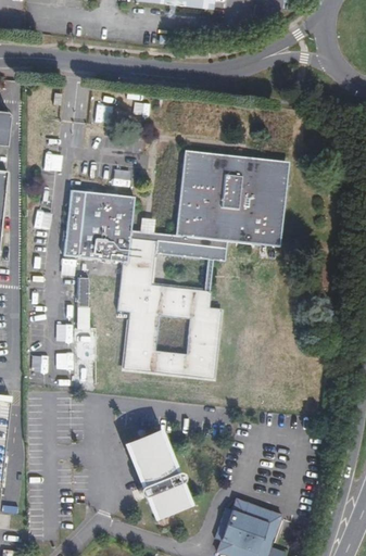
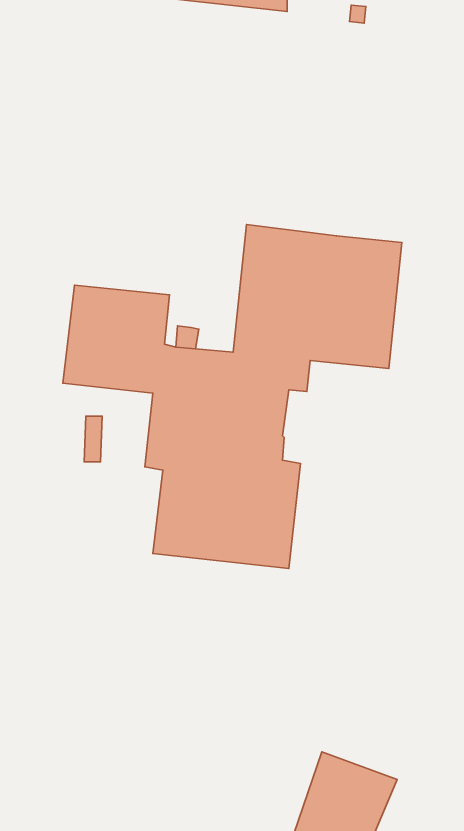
building: [126,431,195,526] -> none

